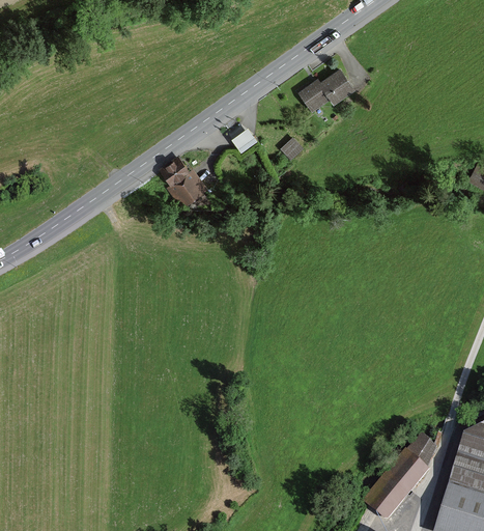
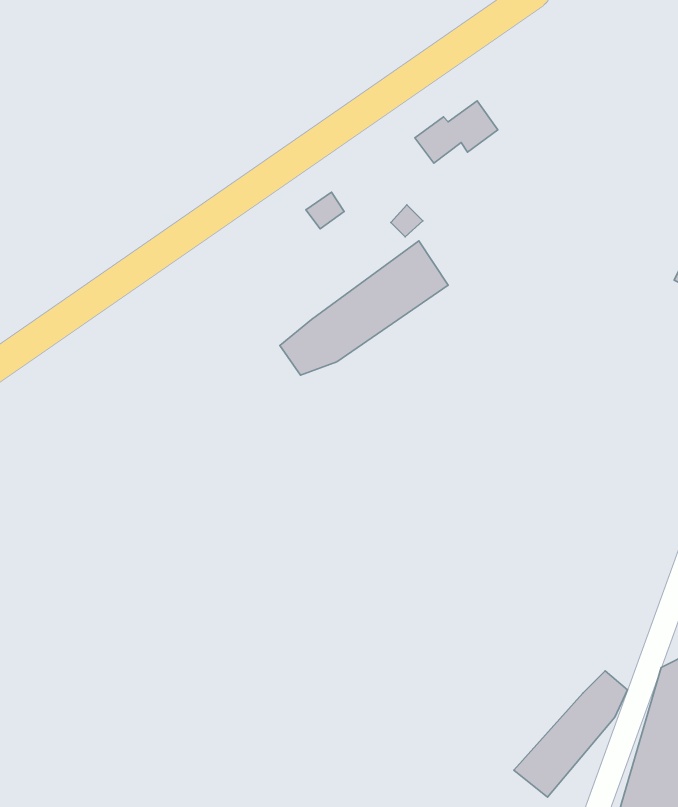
building: [161,160,205,203] -> none
building: none -> [280,241,448,375]

